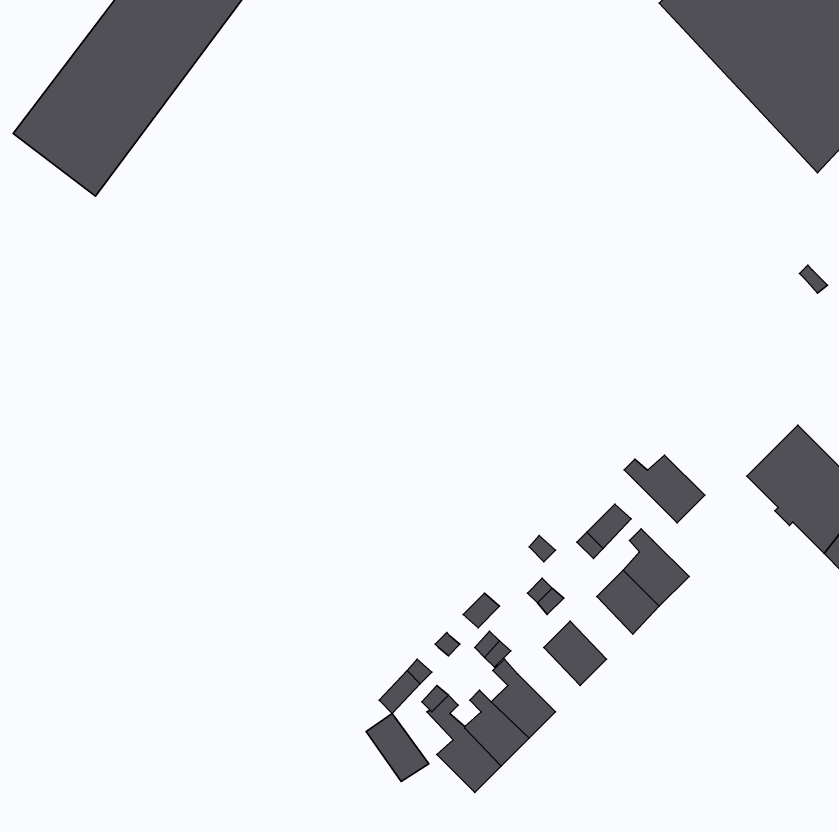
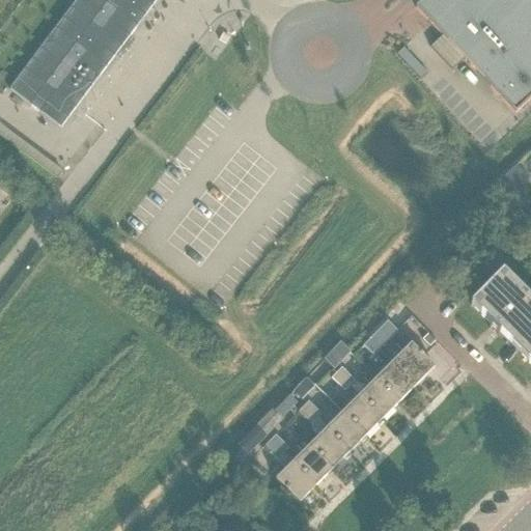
building: [624,455,705,523] -> none
building: none -> [361,368,400,415]
building: none -> [328,408,367,448]
building: [366,713,429,781] -> none

